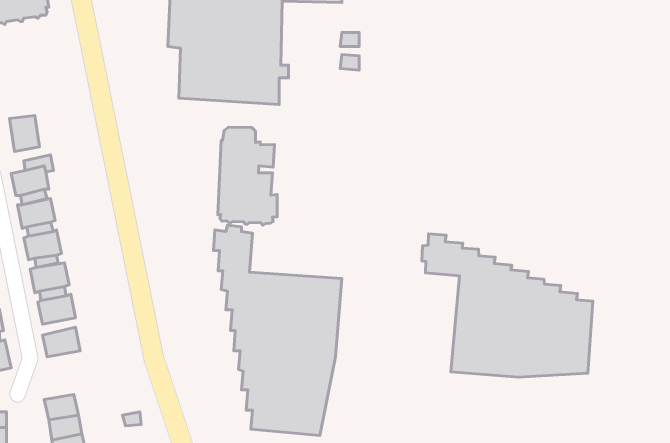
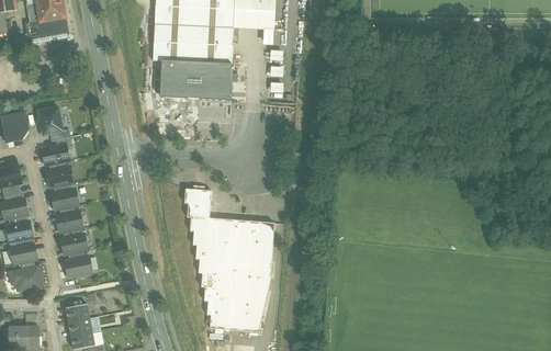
building: [218,127,277,225] -> none
building: [422,234,593,377] -> none

